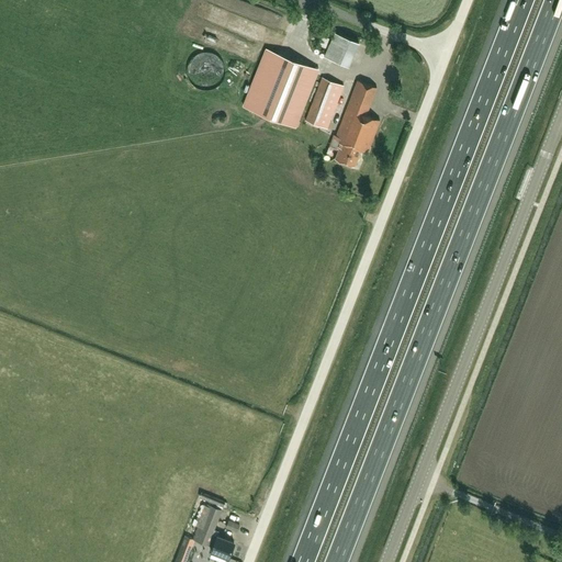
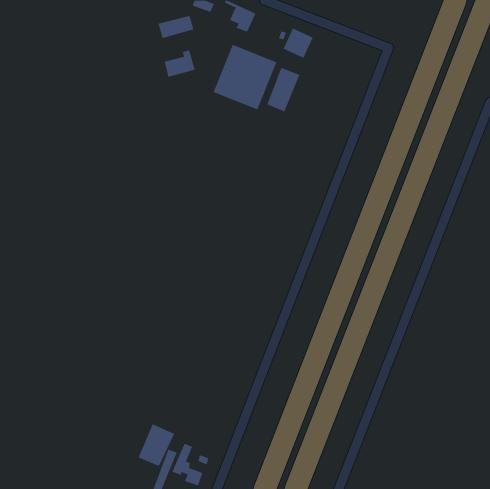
building: none -> [158,15,194,39]
building: [328,80,380,166] -> none
building: none -> [138,424,175,467]

